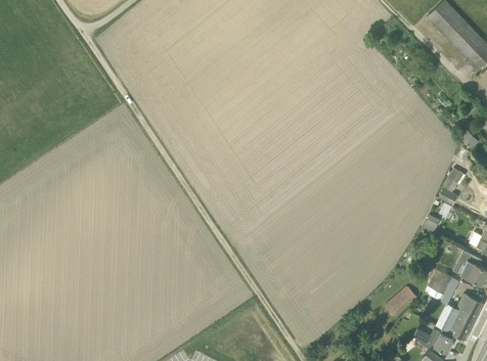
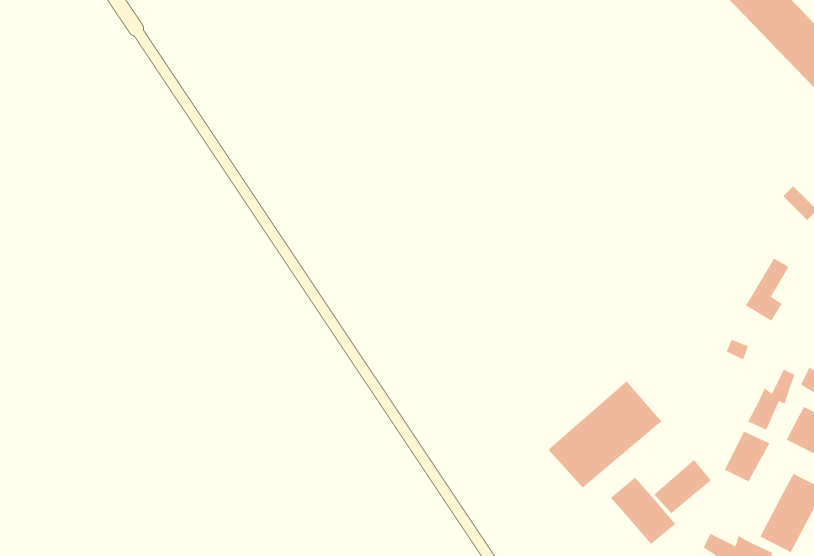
building: none -> [747,369,795,431]
building: none -> [548,381,662,489]
building: none -> [610,477,676,545]

